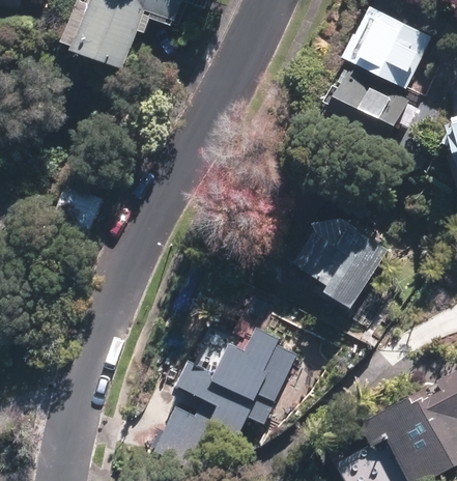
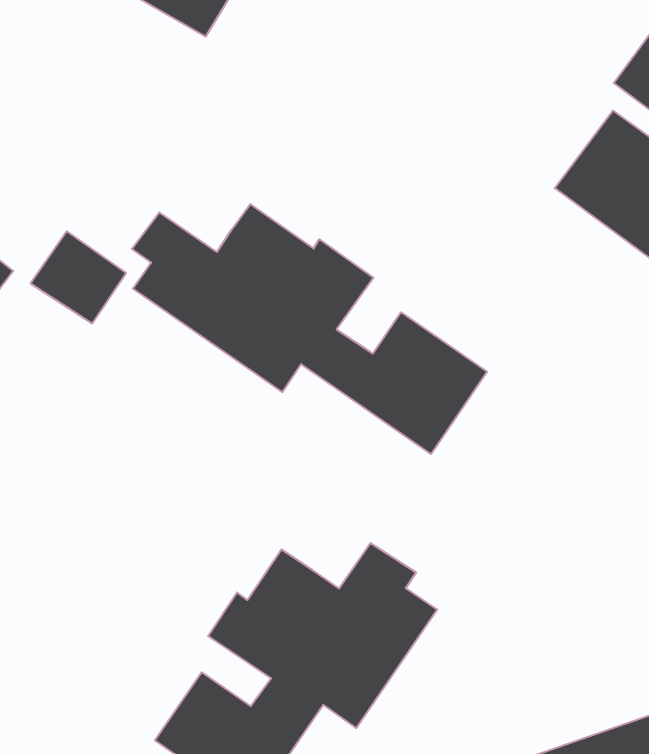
building: none -> [132,204,487,454]
building: [297,230,382,308] -> none

